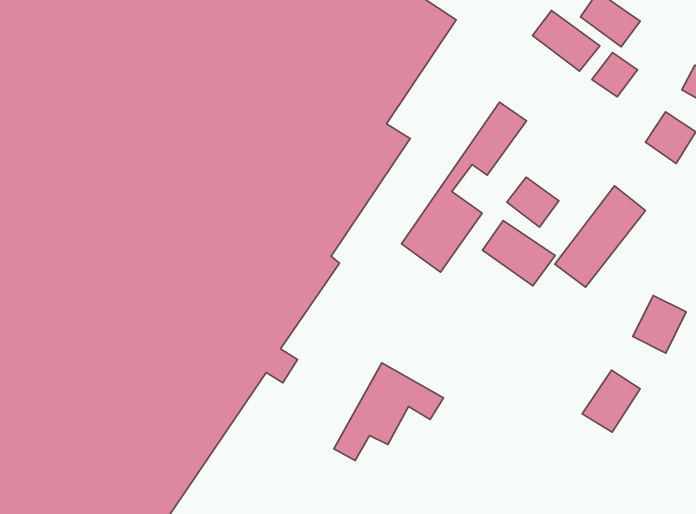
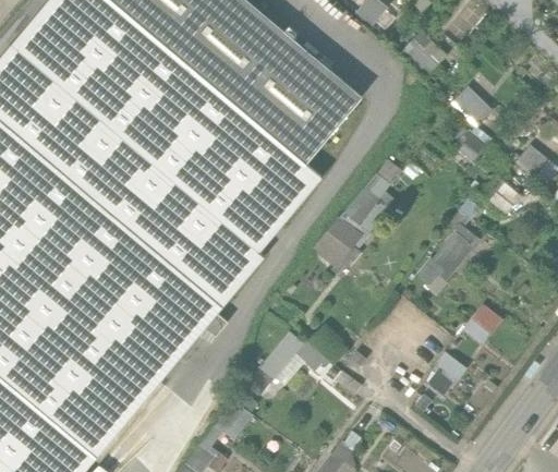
building: [532,10,600,71] -> none
building: [507,177,559,227] -> none
building: [483,220,555,286] -> none

